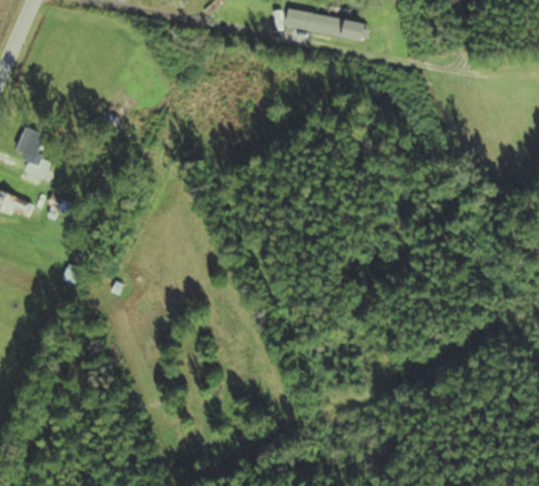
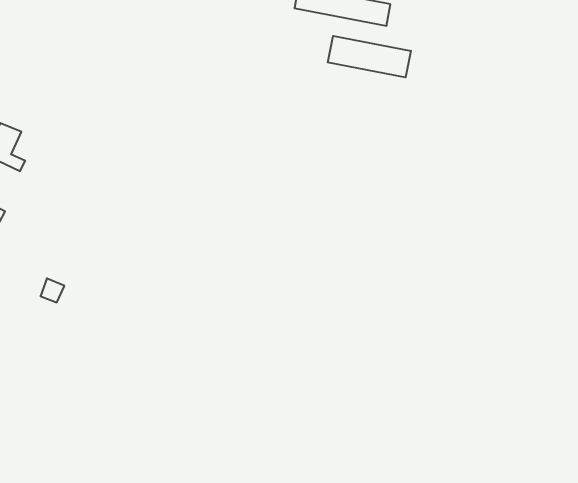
building: none -> [328,36,411,77]

